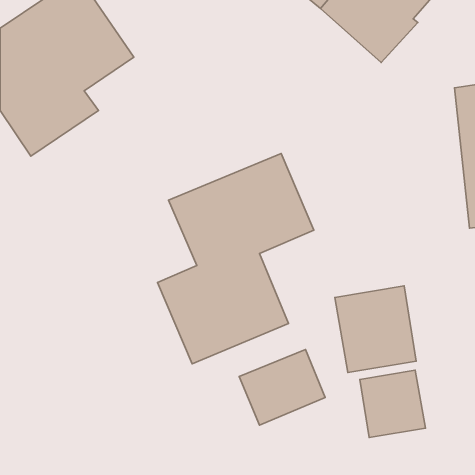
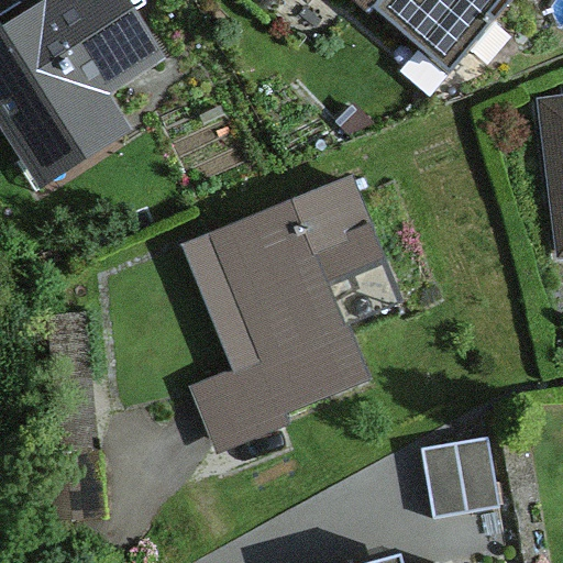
building: [335,286,416,372] -> none
building: [239,350,325,425] -> none

